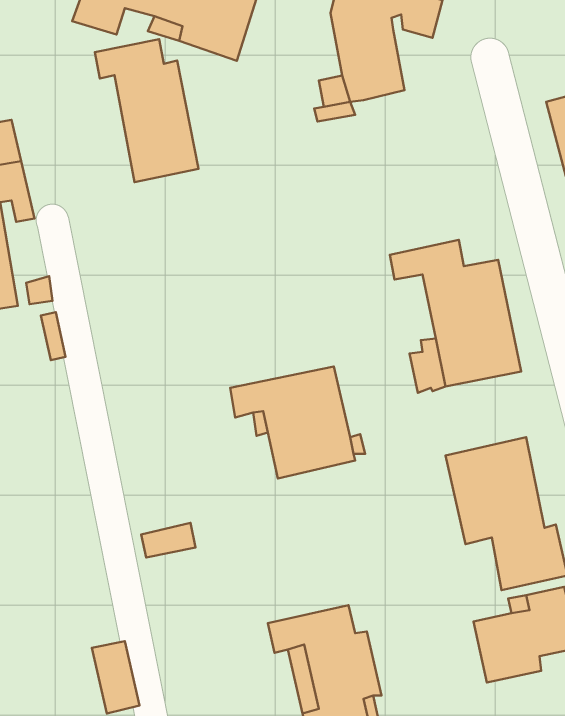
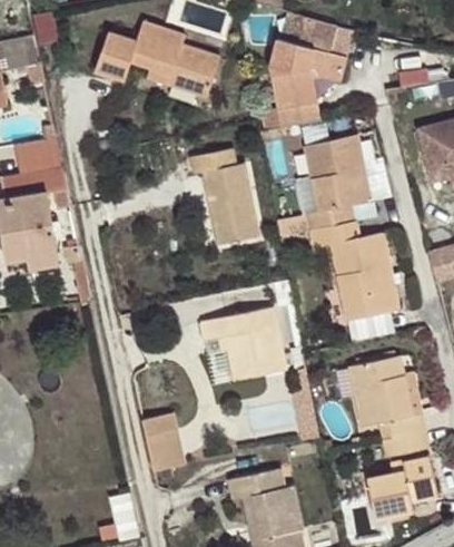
building: [95,39,199,182] -> [190,148,260,245]
building: none -> [303,135,372,231]
building: none -> [145,429,185,470]

